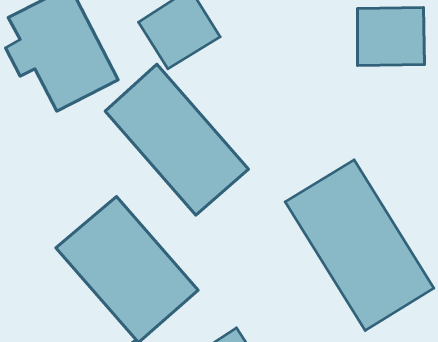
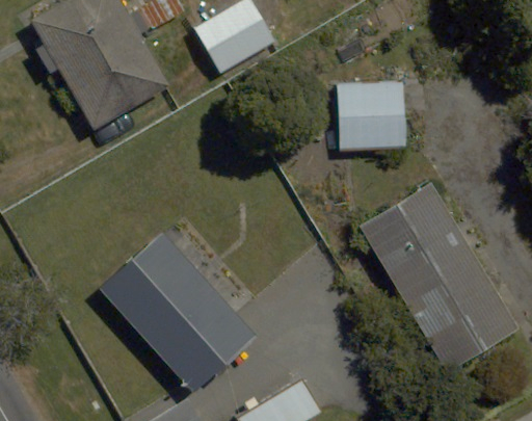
building: [358,8,425,65] -> [334,80,409,146]
building: [105,64,249,215] -> none

